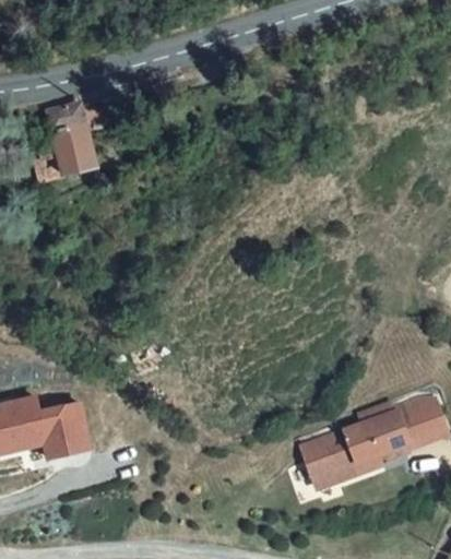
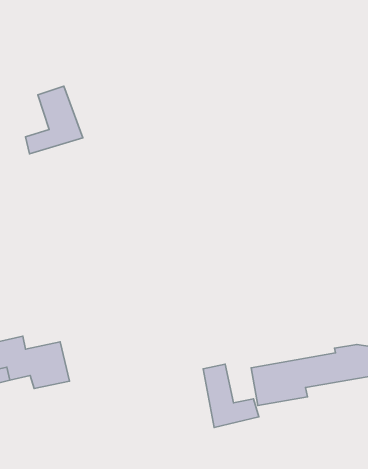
building: none -> [203,364,259,427]

